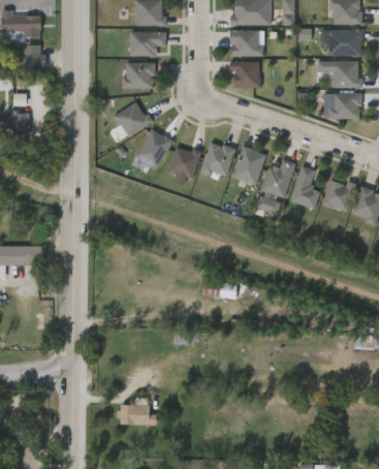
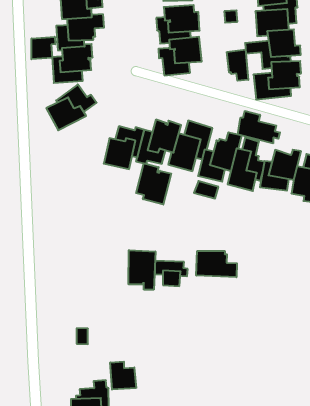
building: none -> [31,37,55,59]
building: none -> [227,50,248,81]
building: [135,126,175,167] -> none
building: none -> [238,111,280,143]
building: none -> [136,163,171,205]
building: none -> [129,250,155,290]
building: none -> [196,251,237,277]
building: none -> [110,362,136,390]

